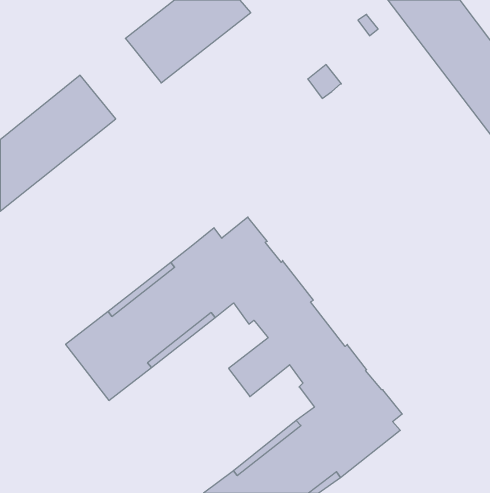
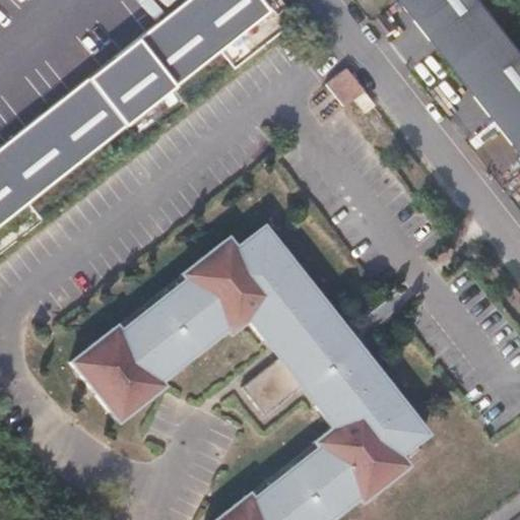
building: none -> [87,41,173,125]

